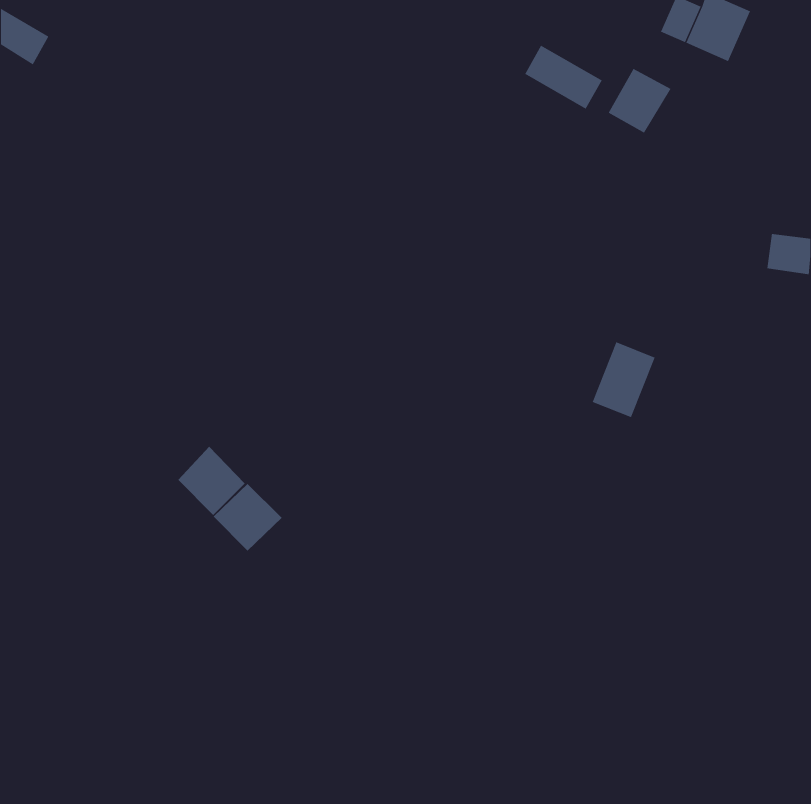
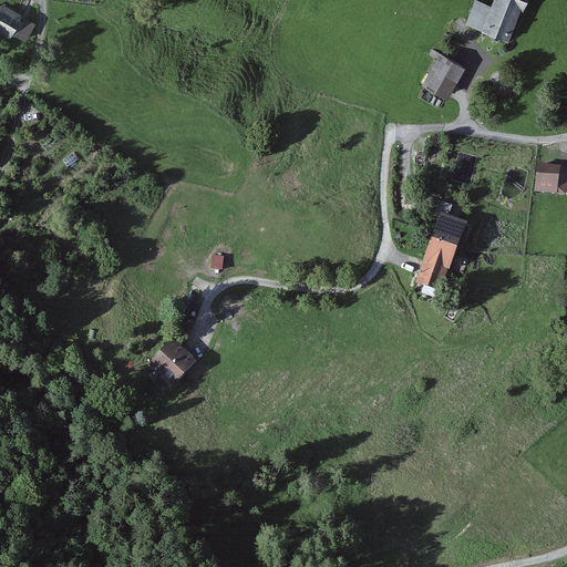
building: [524,45,602,109] -> none
building: none -> [430,212,468,249]
building: [178,446,246,516] -> none

